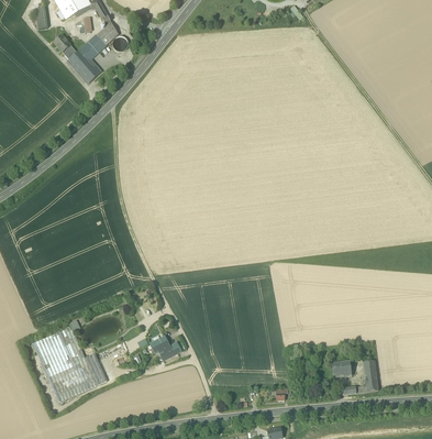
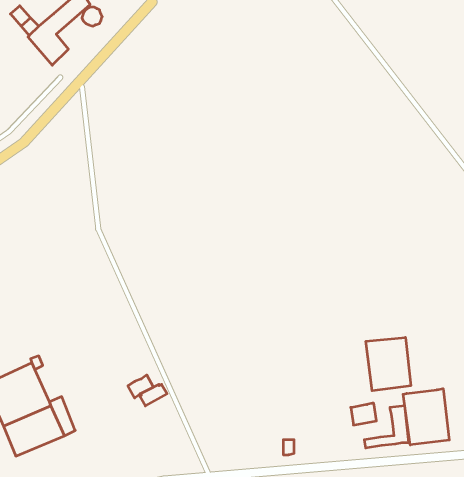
building: none -> [366,337,411,391]
building: none -> [403,389,449,445]

